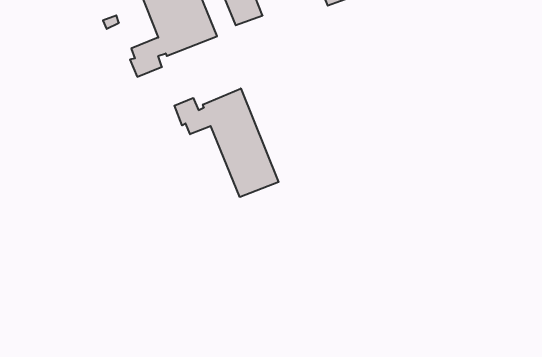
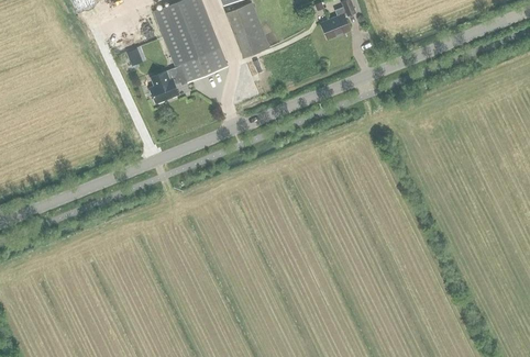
building: [174,88,279,197] -> none

